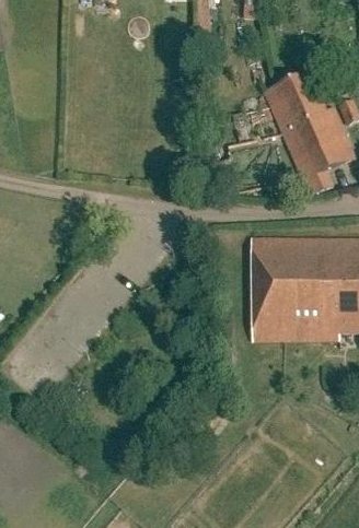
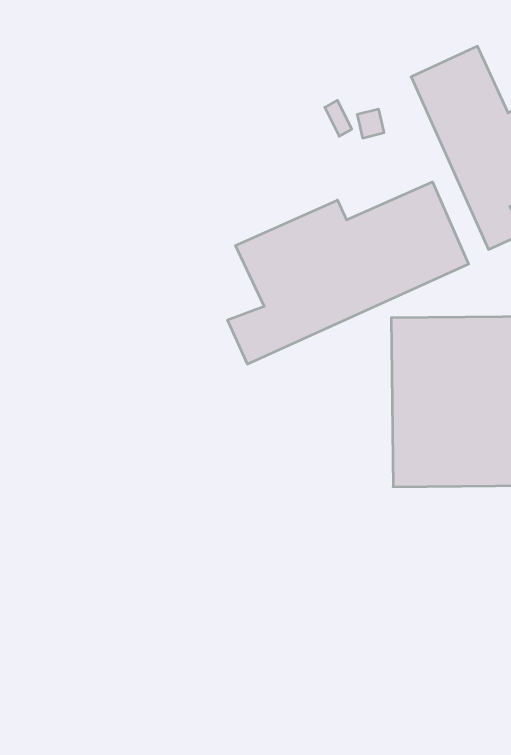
building: none -> [228,182,469,364]

